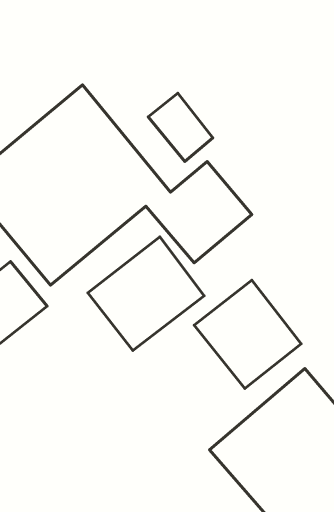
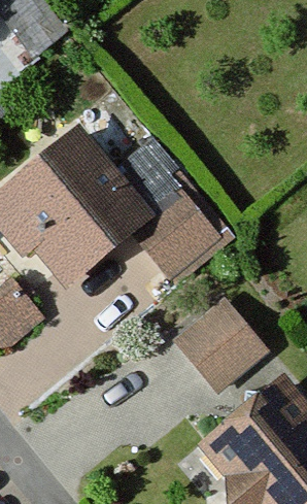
building: [88,237,204,351] -> none

